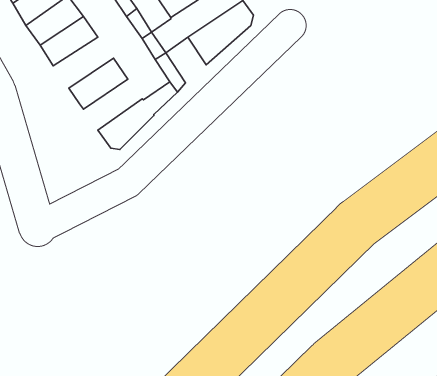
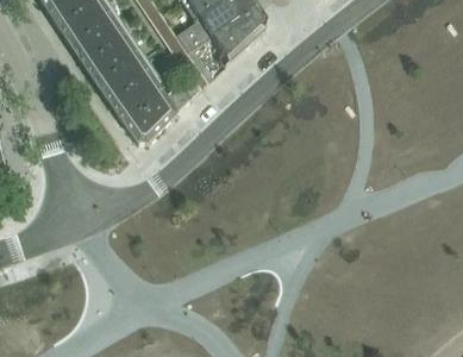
building: none -> [87,39,142,86]
building: none -> [114,77,168,124]

